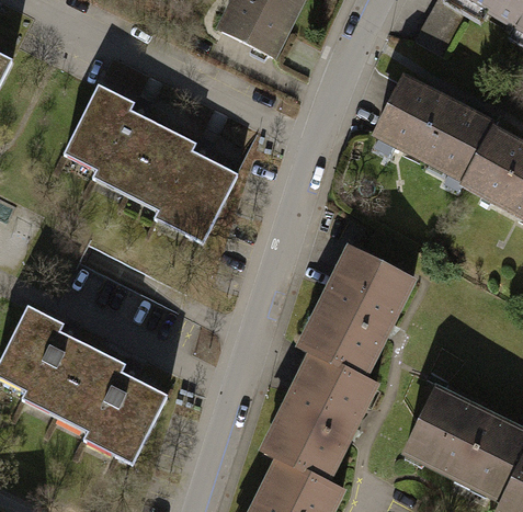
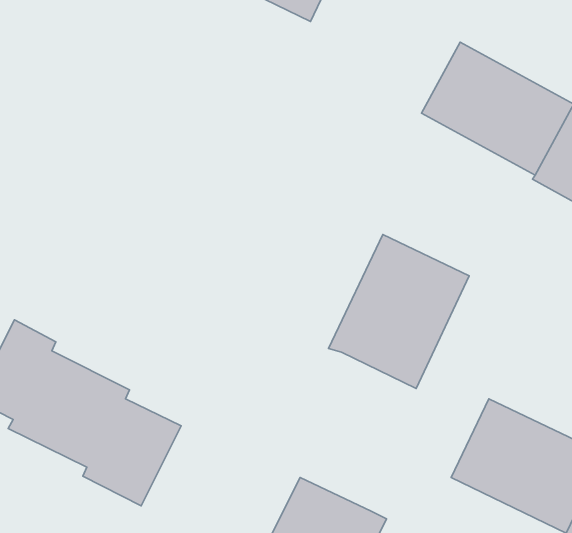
building: [68,88,240,242] -> none
building: [259,340,379,475] -> none

